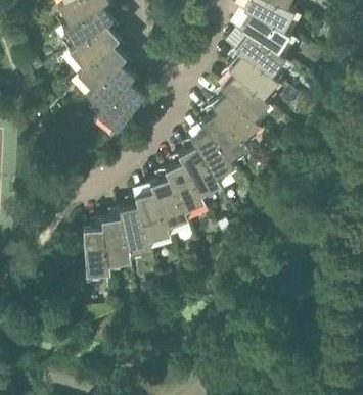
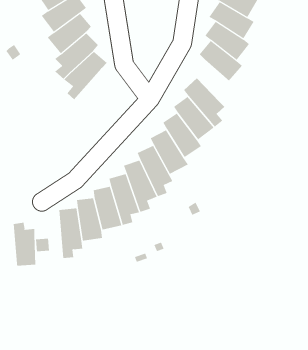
building: [221,77,267,120] -> none
building: [99,86,143,138] -> none
building: none -> [13,222,36,267]

